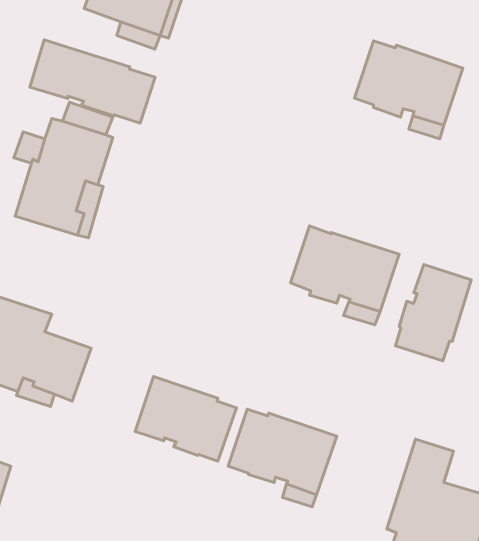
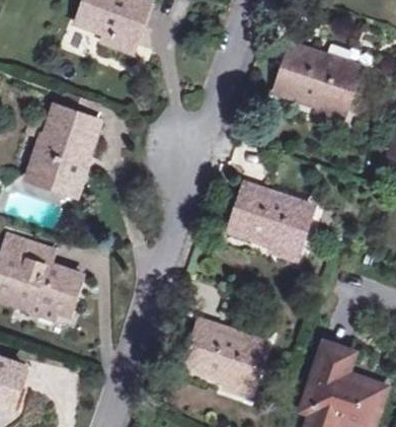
building: [30,40,155,123] -> none
building: [396,265,471,361] -> none
building: [135,376,236,461] -> none

